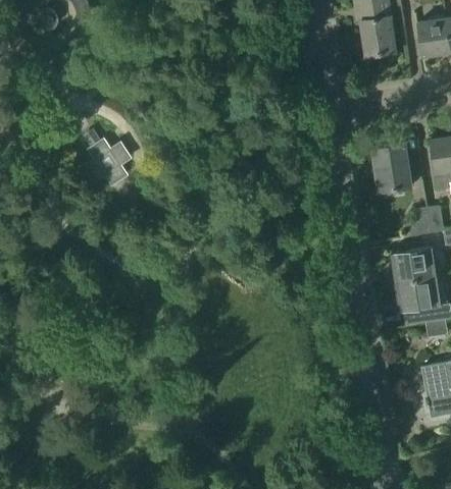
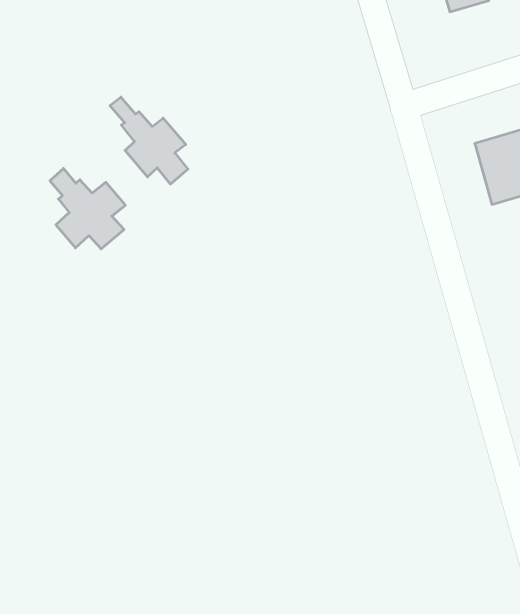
building: none -> [110,97,188,184]

